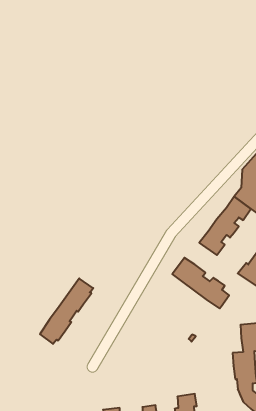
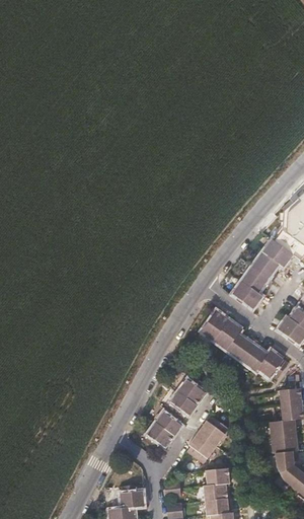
building: [40,278,93,344] -> [145,376,207,452]
building: none -> [257,350,288,378]
building: none -> [188,419,229,463]

